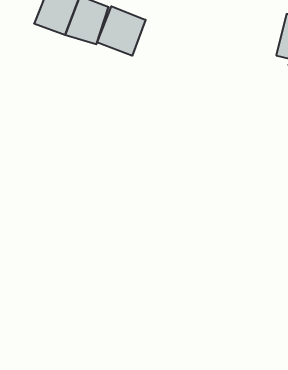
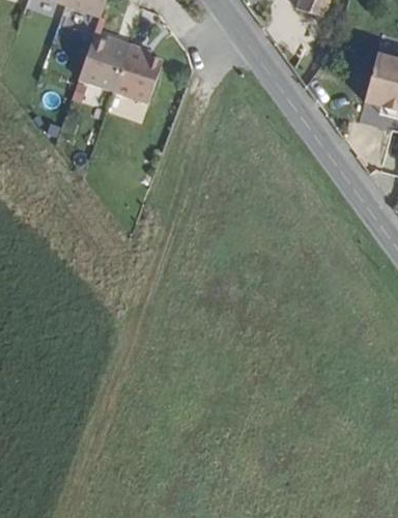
building: [97,6,146,56] -> none

